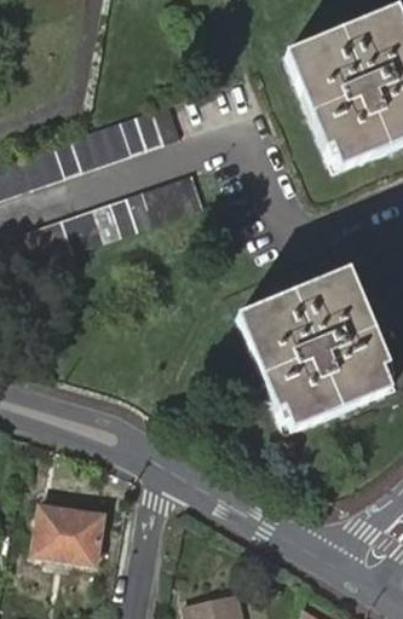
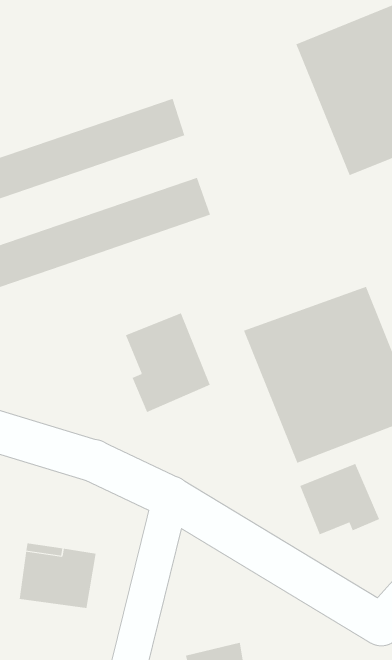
building: none -> [125,312,210,413]
building: none -> [300,463,380,535]

